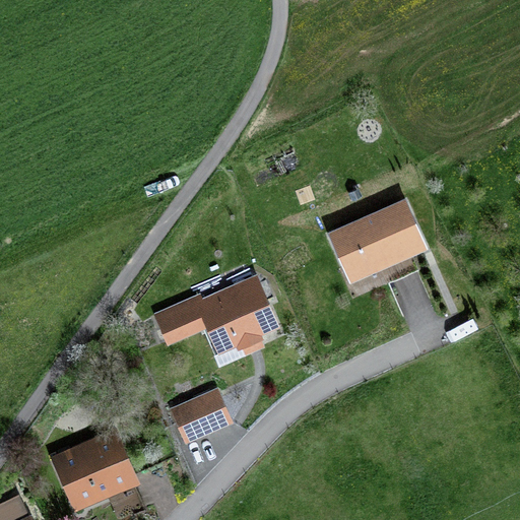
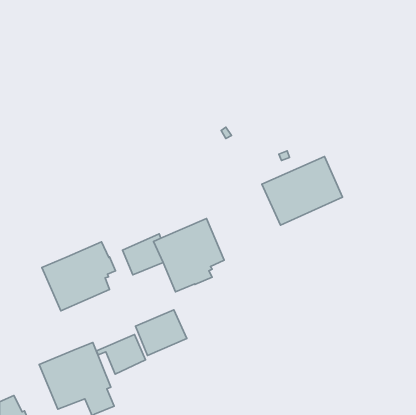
building: none -> [42,242,115,311]
building: none -> [96,335,146,374]

